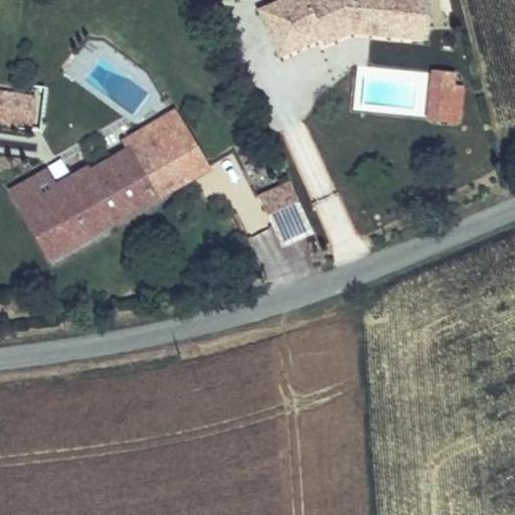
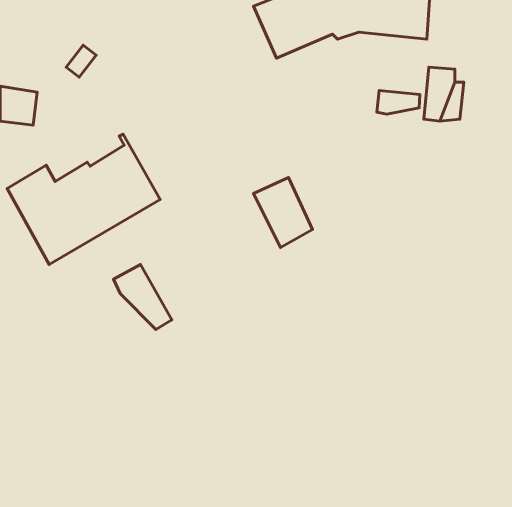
building: none -> [377,90,420,114]
building: [124,106,212,200] -> none
building: none -> [114,265,172,330]

